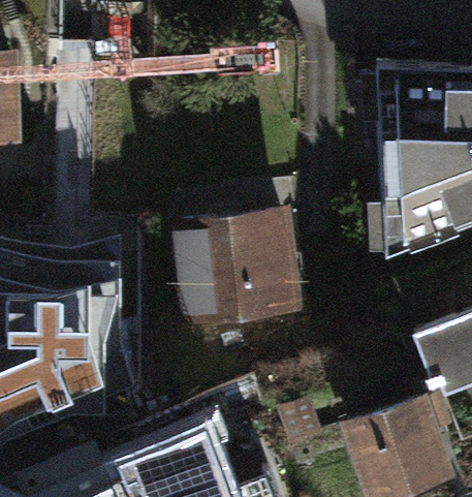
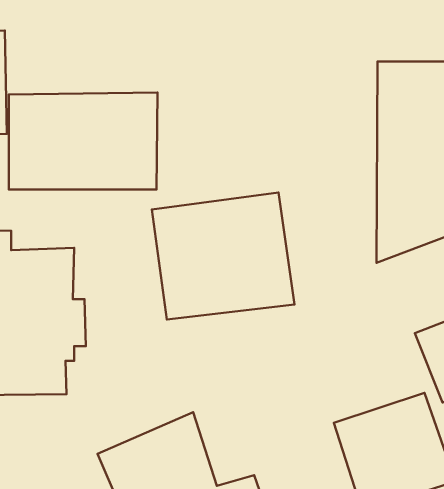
building: none -> [9,93,158,189]

